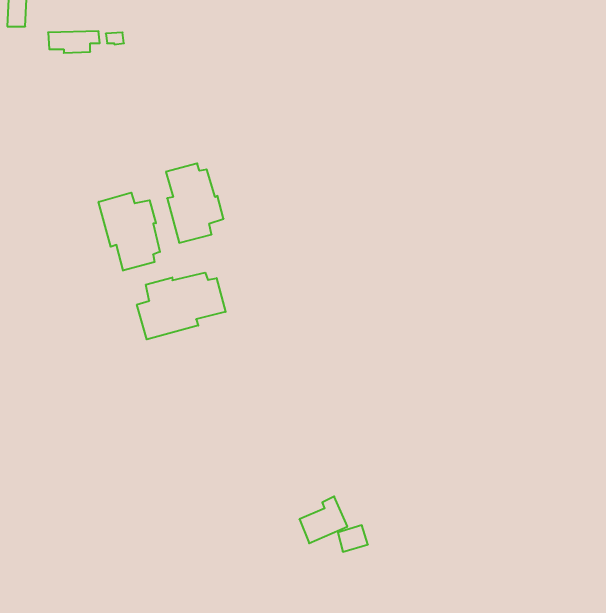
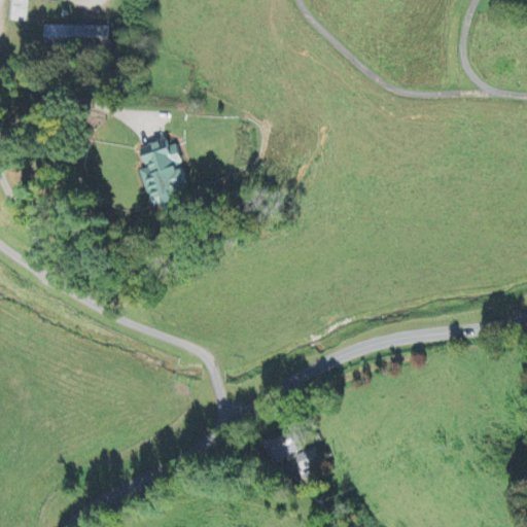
building: [99,193,160,271] -> none
building: [137,273,226,339] -> none

